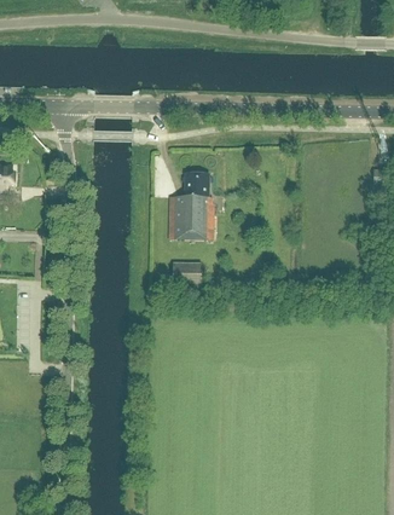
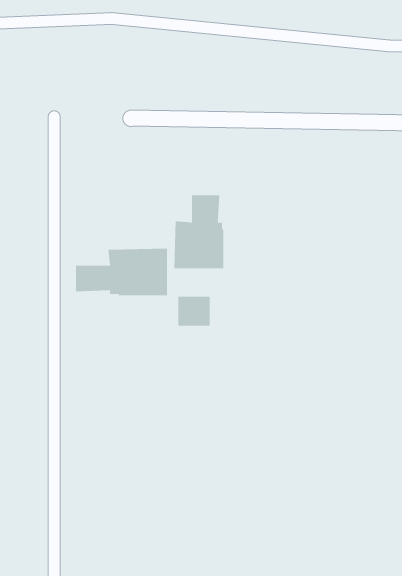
building: none -> [76,248,168,296]

